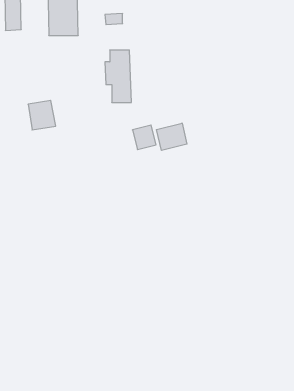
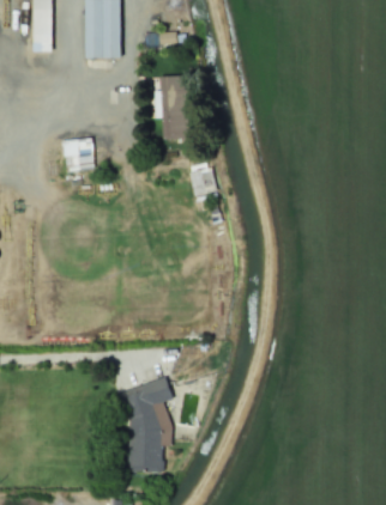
building: [156,123,187,150] -> none
building: none -> [121,377,173,470]

